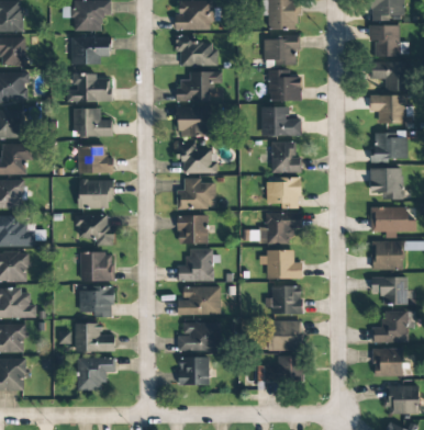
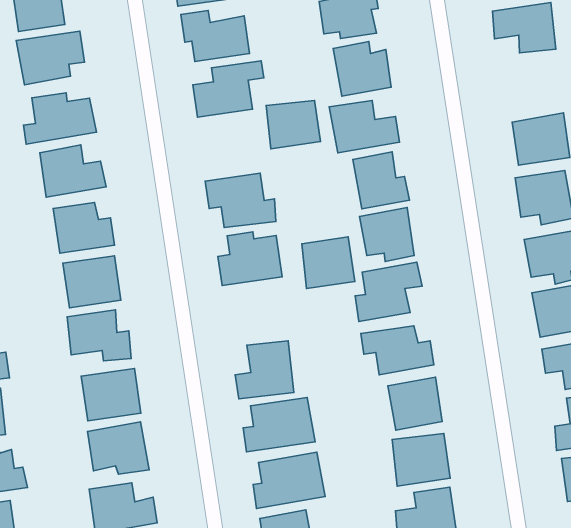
building: [370,94,405,123] -> none
building: [178,109,210,136] -> [266,100,321,149]
building: [177,215,208,244] -> [302,237,355,289]

